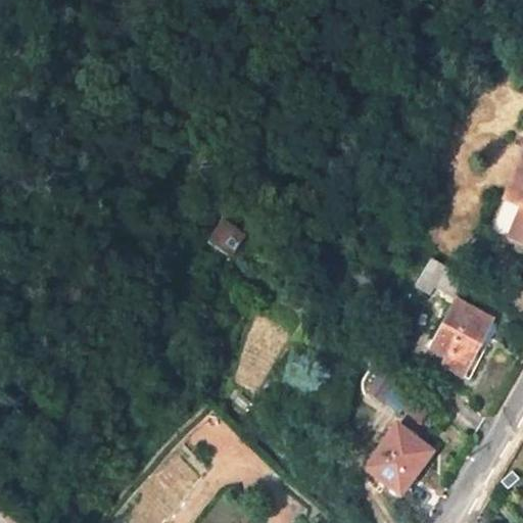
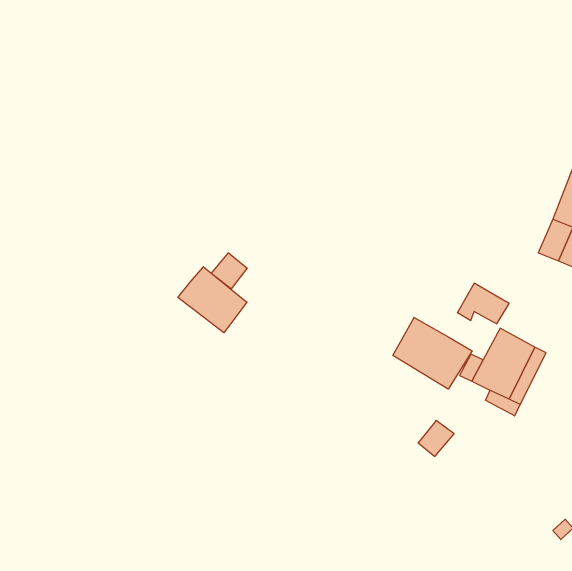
building: none -> [178,267,247,333]
building: none -> [393,317,472,389]
building: [367,423,431,489] -> none

